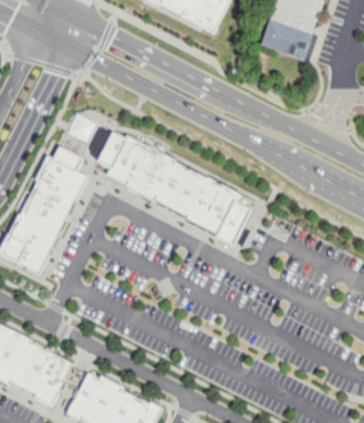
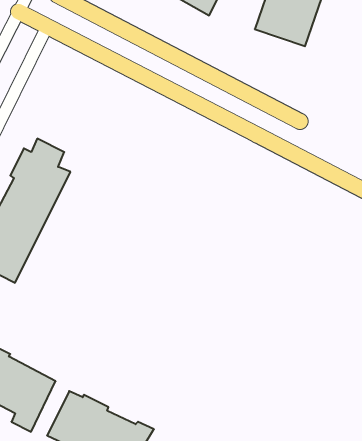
building: [96,131,252,249] -> none

